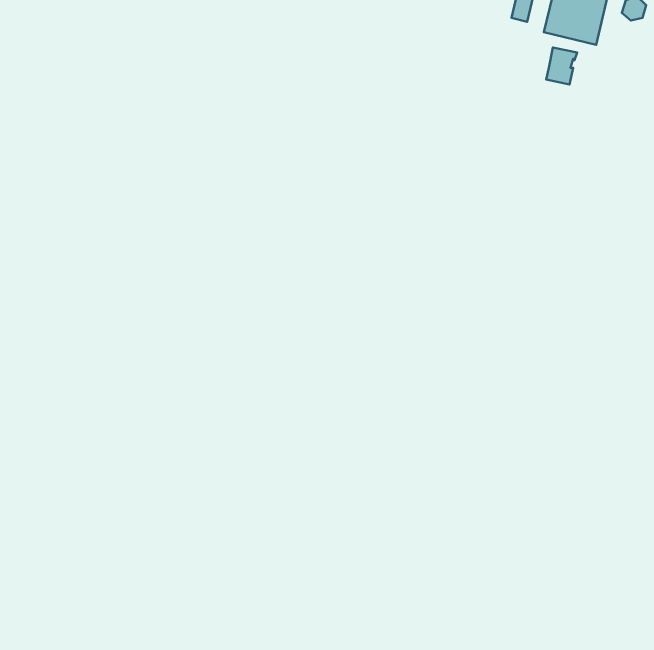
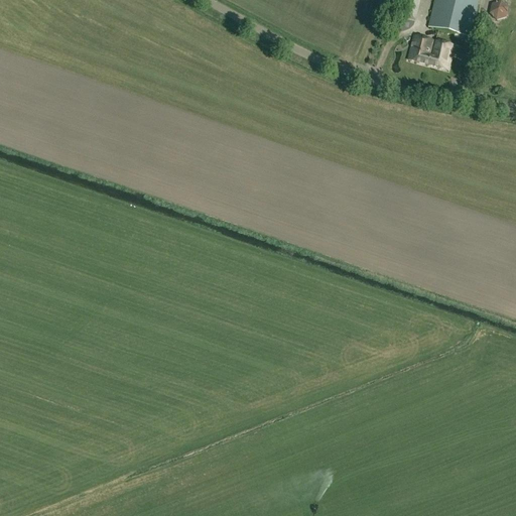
building: none -> [408,33,433,62]

